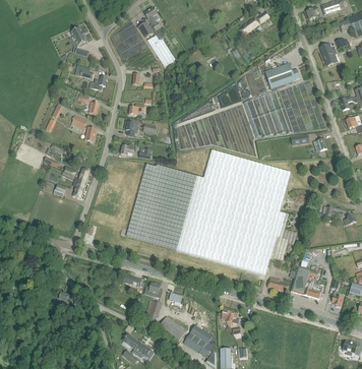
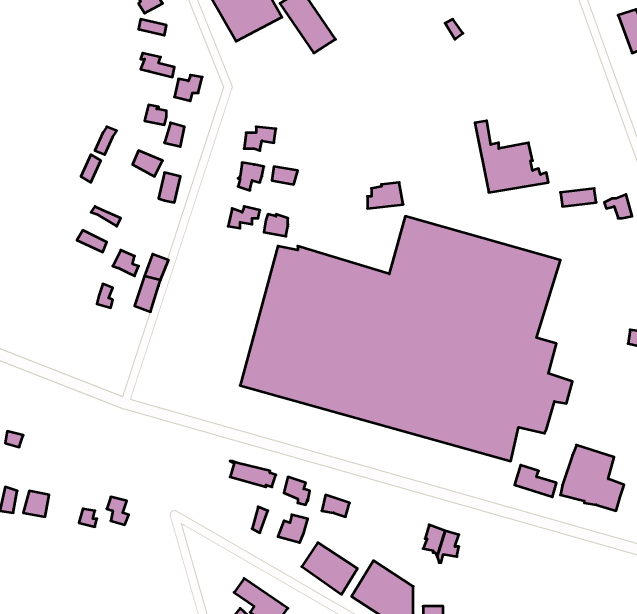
building: [264,62,299,88] -> none

